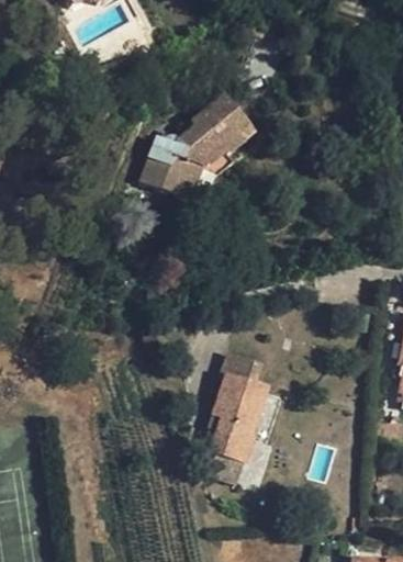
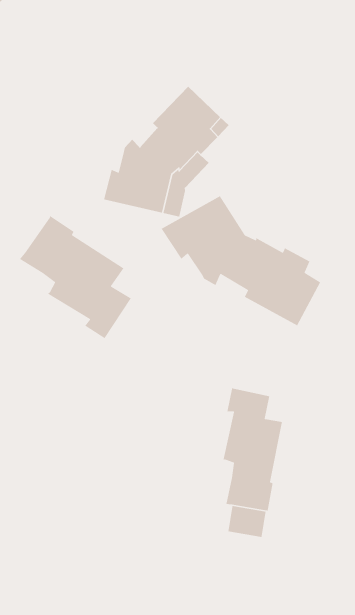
building: none -> [19,215,132,339]
building: none -> [161,195,321,327]

